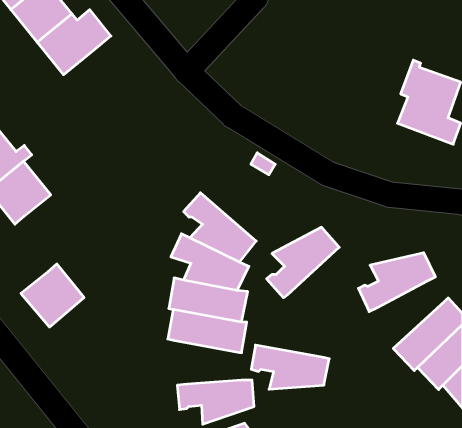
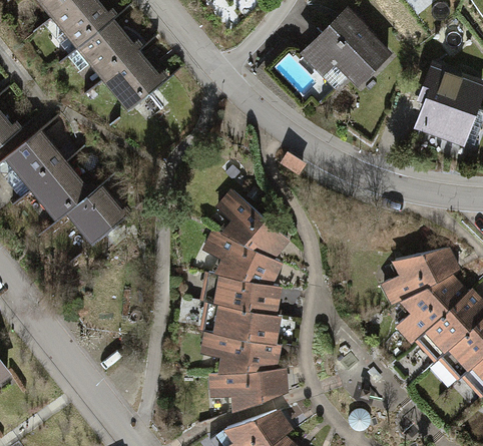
building: none -> [307,17,387,79]
building: none -> [103,51,162,109]
building: [267,227,339,298] -> [397,275,466,342]
building: [21,264,84,327] -> [66,184,126,245]
building: [251,345,329,389] -> [203,331,278,373]

